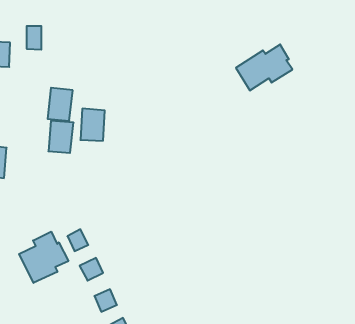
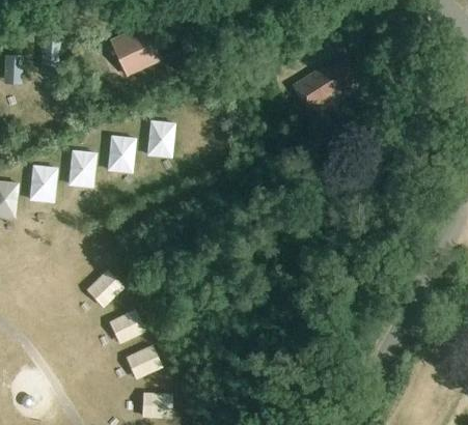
building: none -> [111,27,158,74]
building: [48,88,73,121] -> [28,164,58,203]
building: none -> [146,118,175,158]
building: [19,232,68,283] -> none

